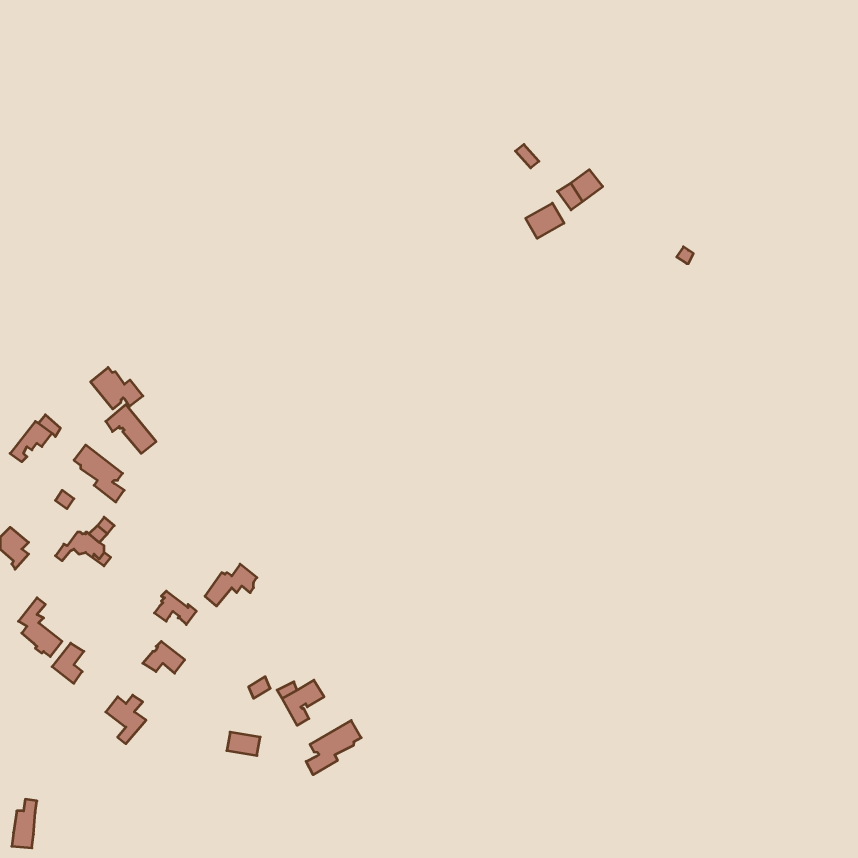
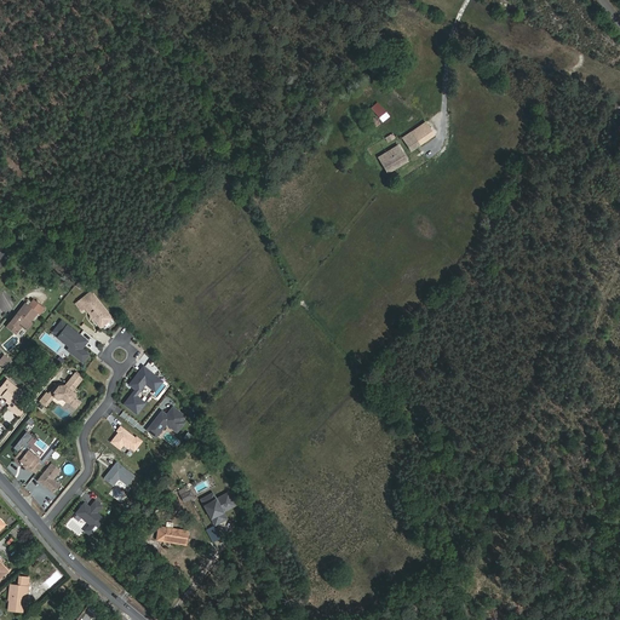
building: [91,367,143,409] -> none
building: none -> [125,367,160,414]
building: [306,720,361,775] -> none

